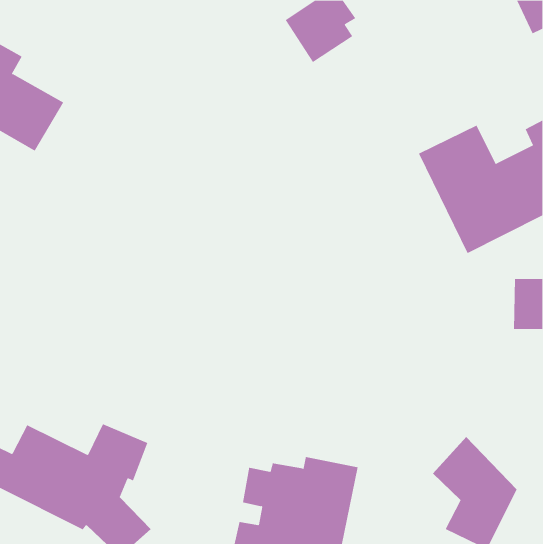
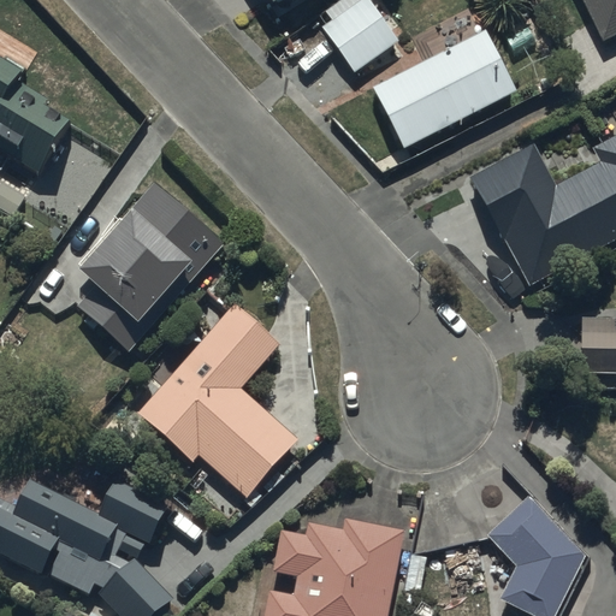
building: none -> [373,28,516,146]
building: none -> [76,180,226,351]
building: none -> [138,301,297,494]

